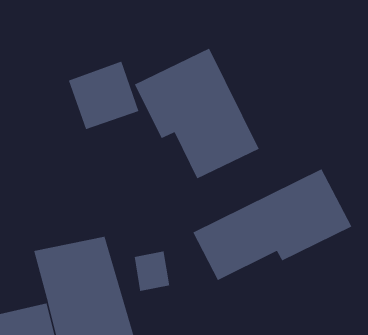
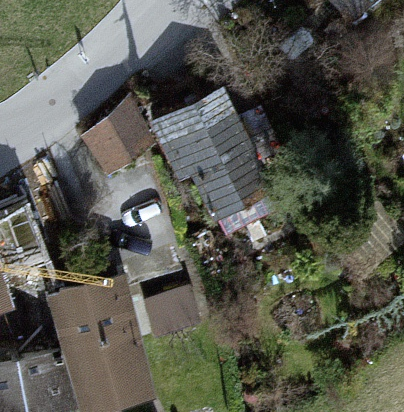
building: [192,168,352,281] -> none

